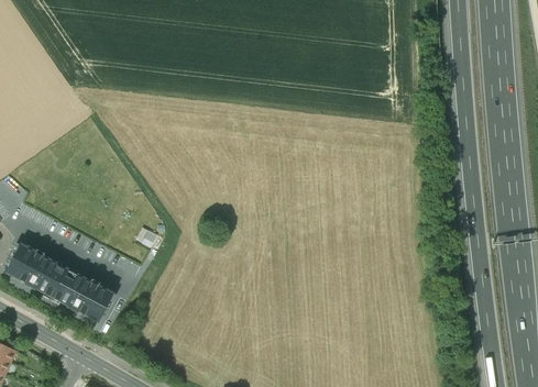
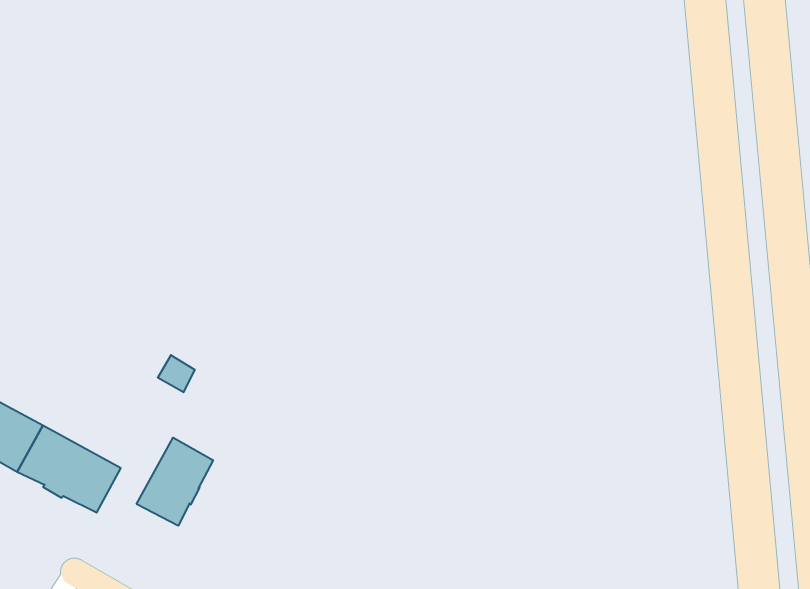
building: none -> [137,438,213,526]

